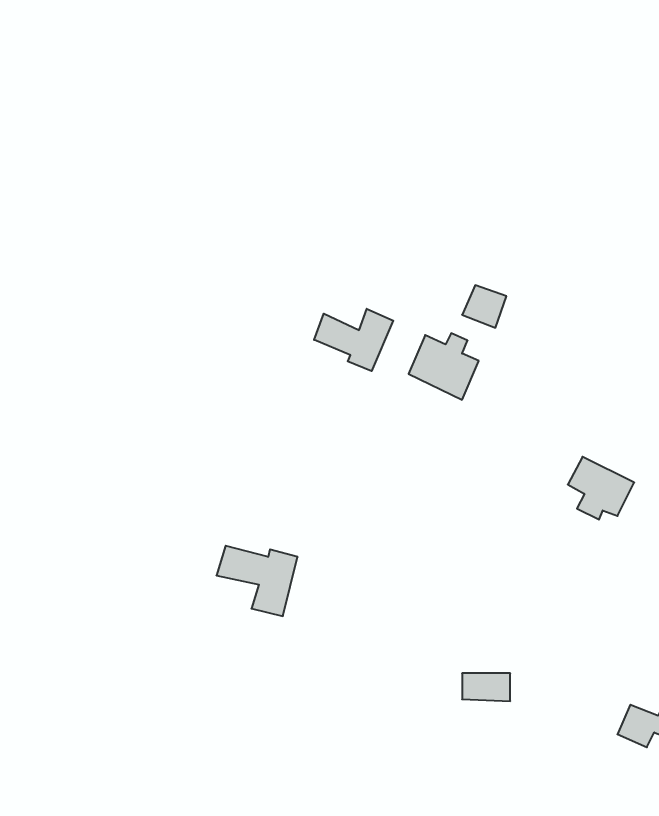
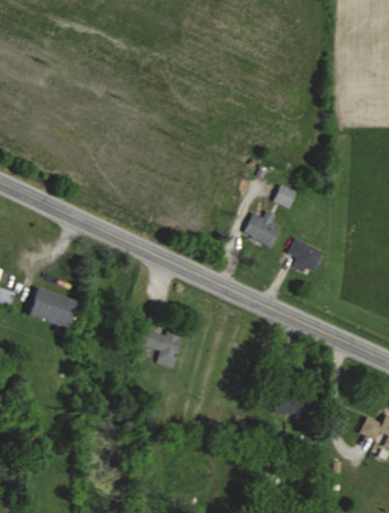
building: [314,309,393,371] -> none
building: [568,457,634,520] -> [287,238,324,273]
building: none -> [27,288,75,328]

